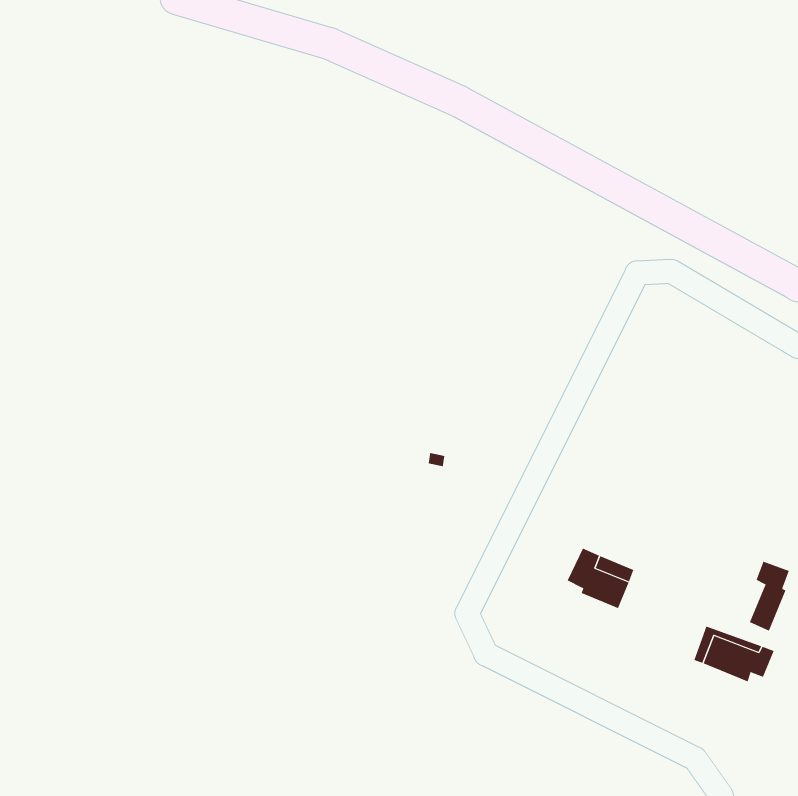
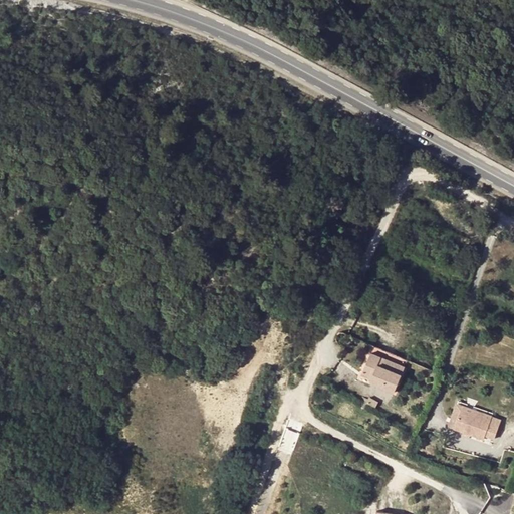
building: [749,561,789,631] -> none

